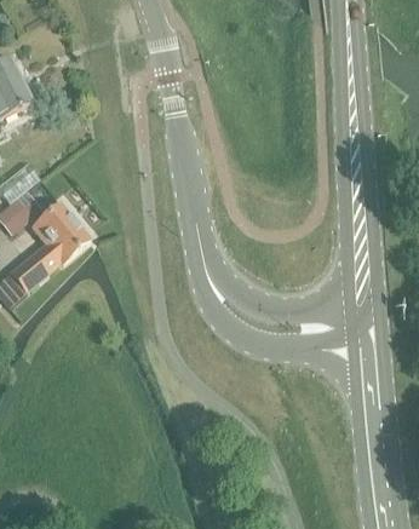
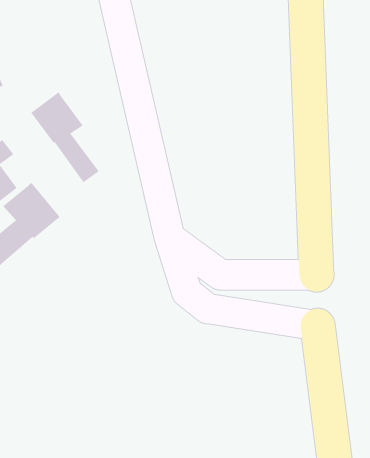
building: none -> [30,92,99,183]

